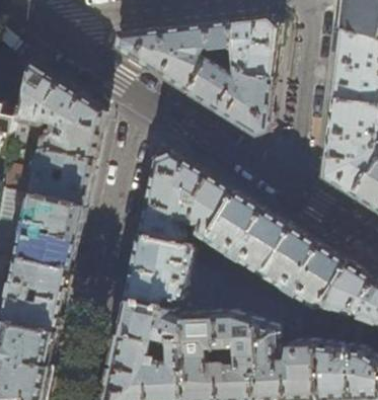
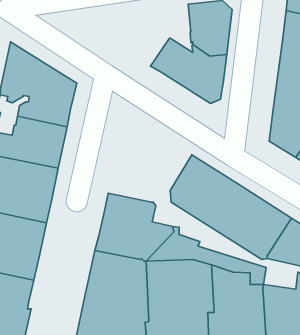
building: [116,22,232,92] -> none
building: [139,154,233,246] -> none

